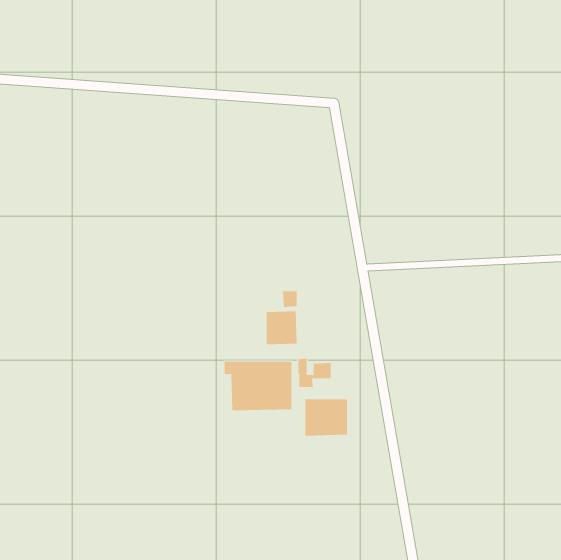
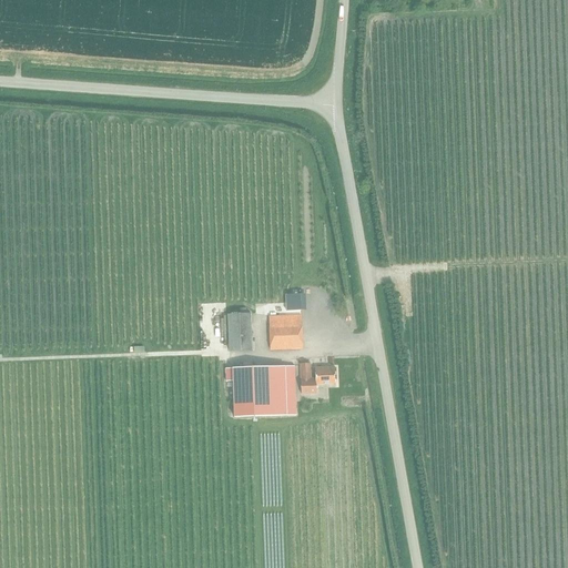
building: none -> [229,308,252,351]
building: [305,398,348,436] -> none

